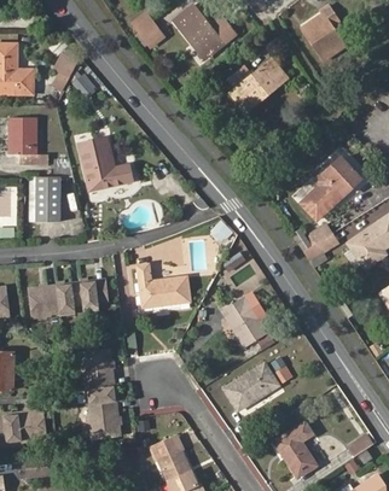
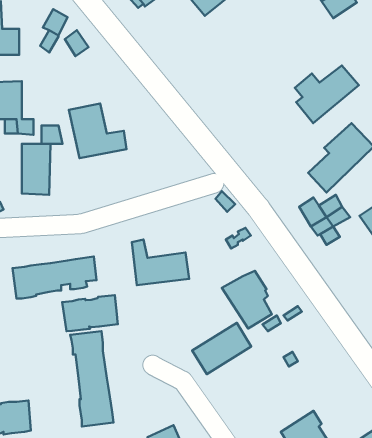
building: [230,59,289,112] -> [295,66,359,123]
building: none -> [62,295,118,331]
building: [225,363,279,410] -> [192,323,251,374]

